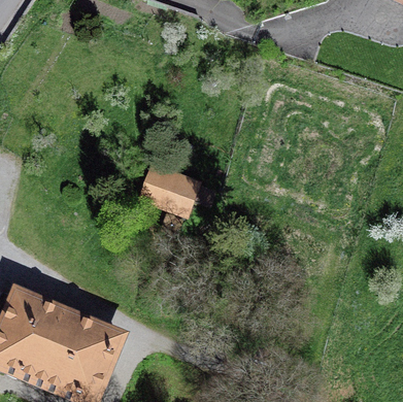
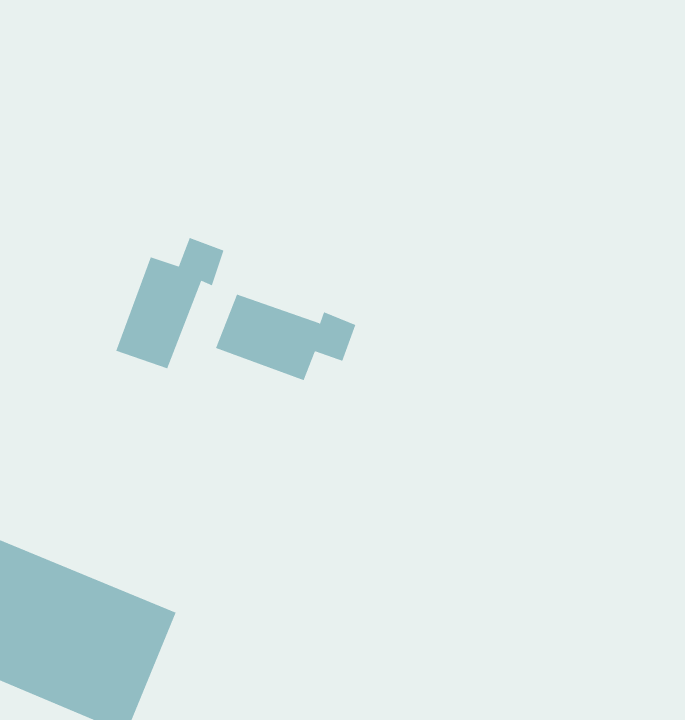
building: none -> [116,237,224,369]

